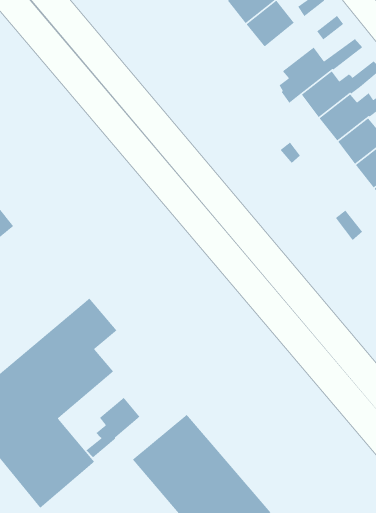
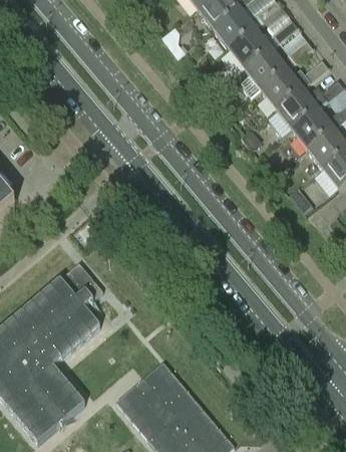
building: none -> [229,26,271,67]
building: [85,397,140,458] -> none

